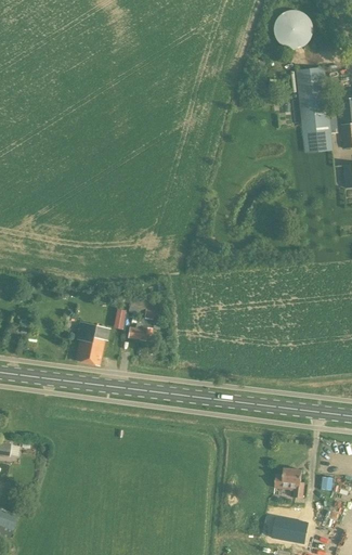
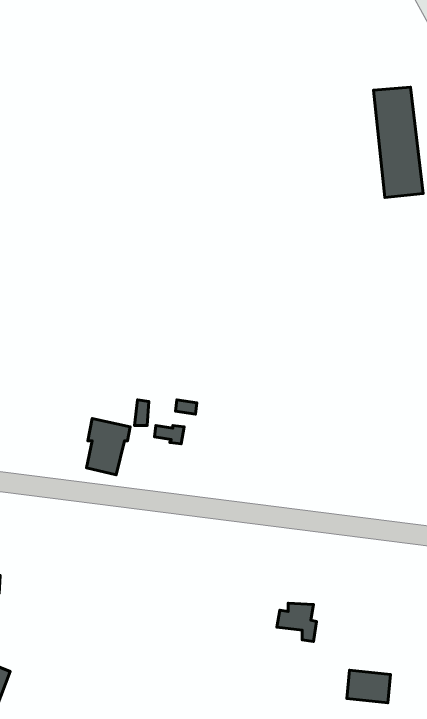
building: [274,10,313,49] -> none
building: [274,468,304,498] -> [277,603,316,641]

